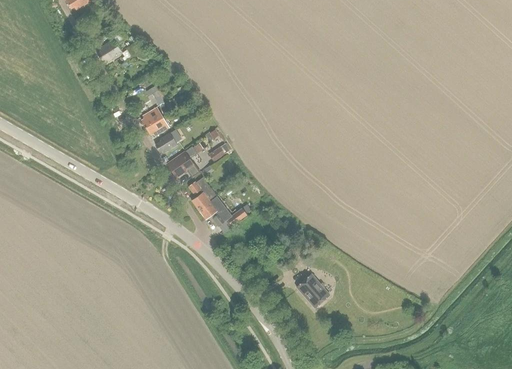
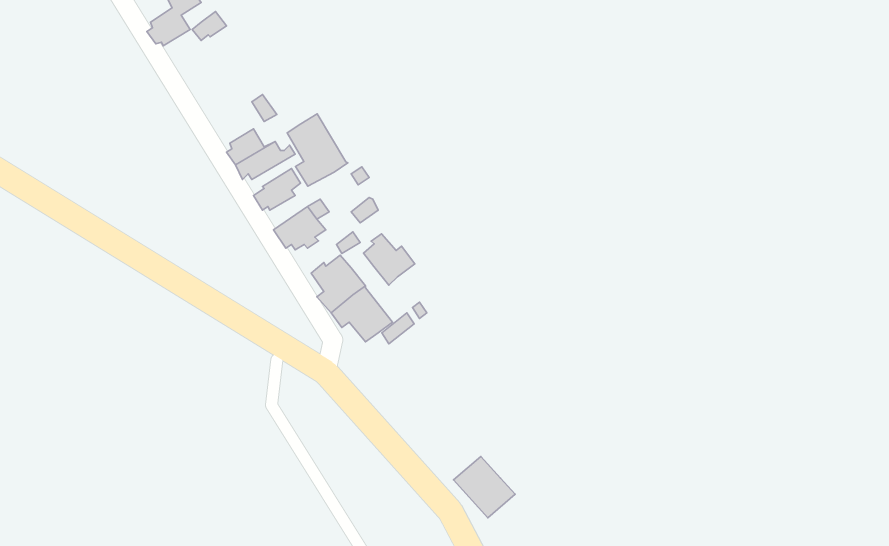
building: none -> [287,114,348,186]
building: none -> [364,234,415,285]
building: [295,272,329,306] -> [454,456,515,518]

